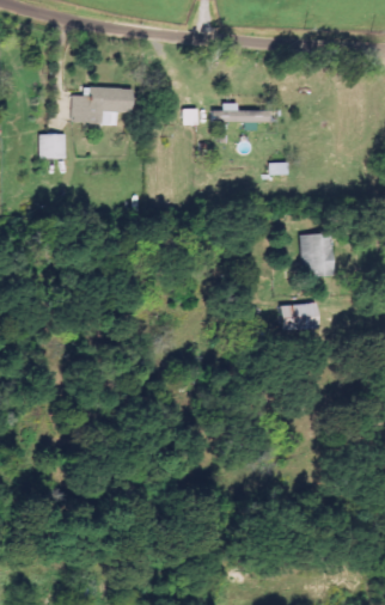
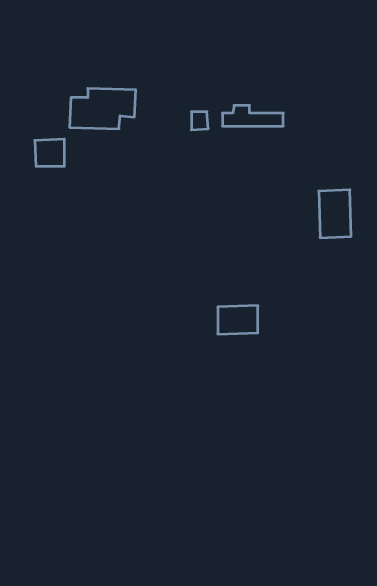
building: [302,232,332,276] -> [319,190,351,238]
building: [280,302,317,329] -> [218,306,258,334]

